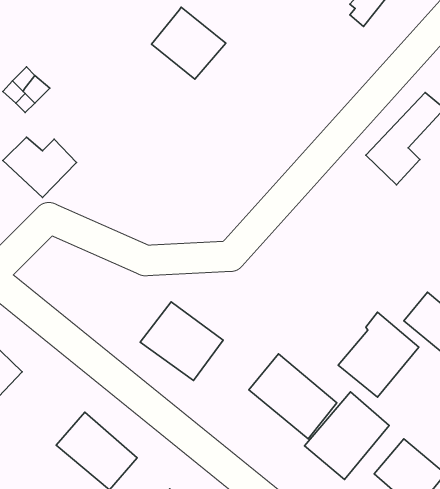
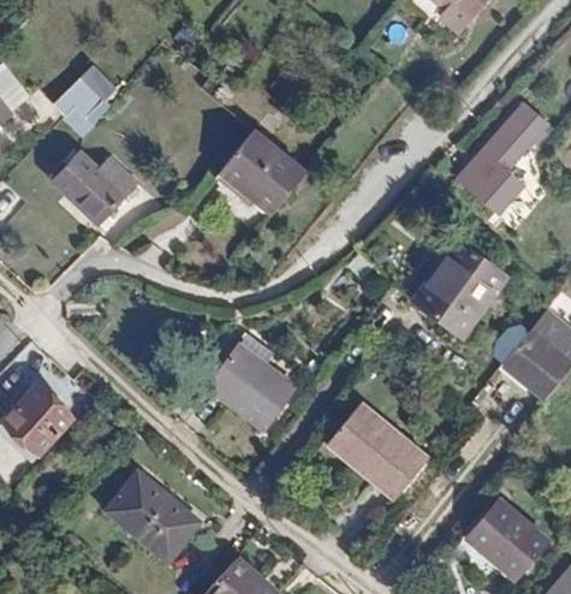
building: [151,7,226,79] -> [220,129,304,210]
building: [338,312,419,397] -> [415,240,506,337]
building: [305,392,389,480] -> none

